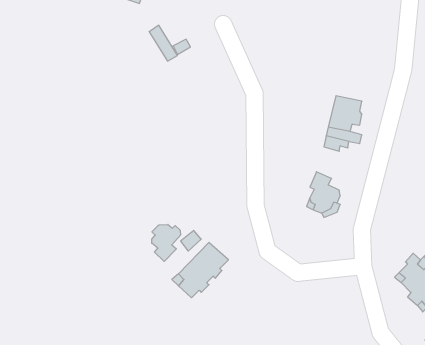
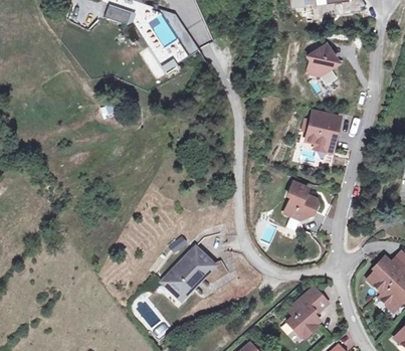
building: none -> [307,44,336,75]
building: [152,224,180,261] -> none
building: none -> [287,287,328,337]

